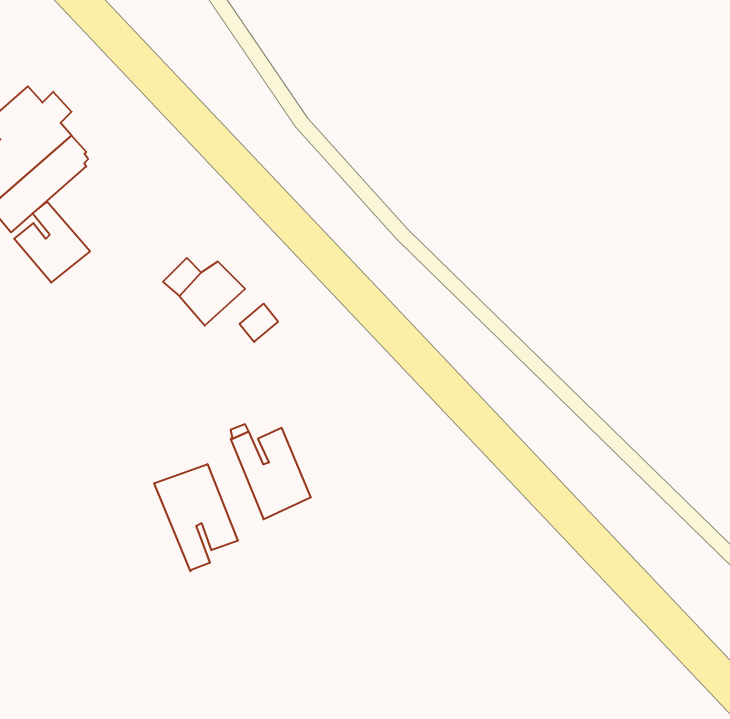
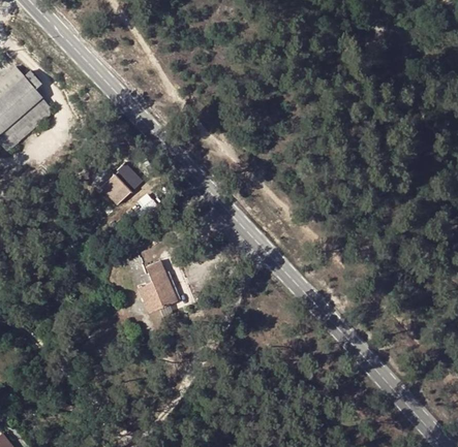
building: [14,201,90,283] -> none
building: [154,464,238,571] -> none

